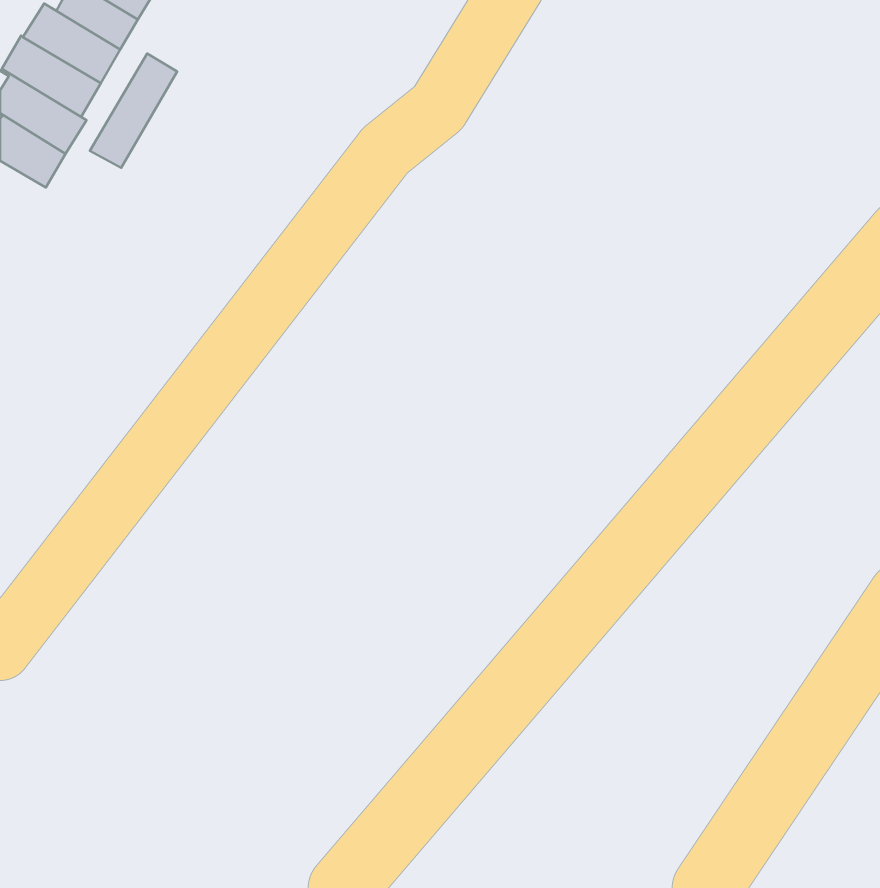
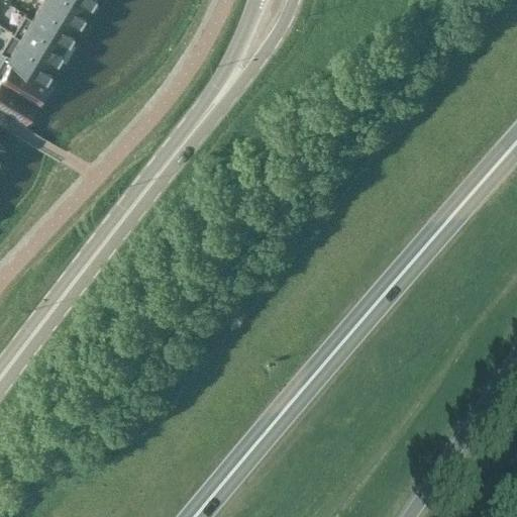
building: [90,53,177,168] -> none

